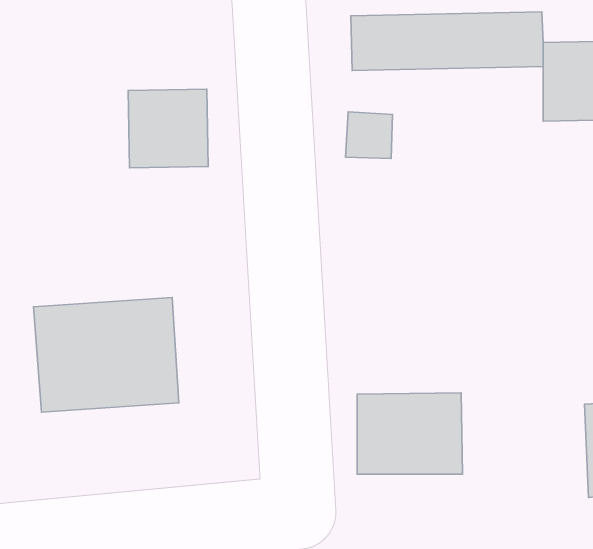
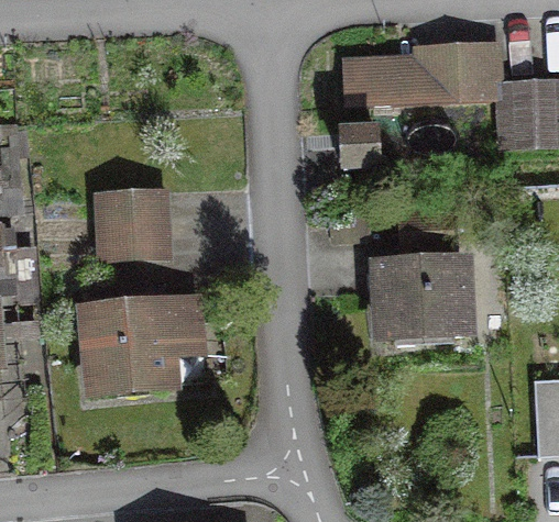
building: [128,89,208,168] -> [98,195,164,259]
building: [357,393,462,474] -> [376,269,463,336]

